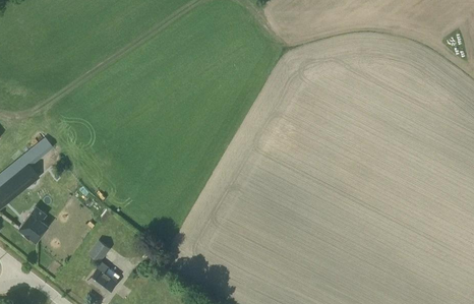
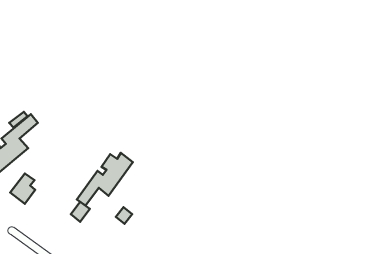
building: none -> [77,153,133,206]
building: [88,262,121,295] -> none

